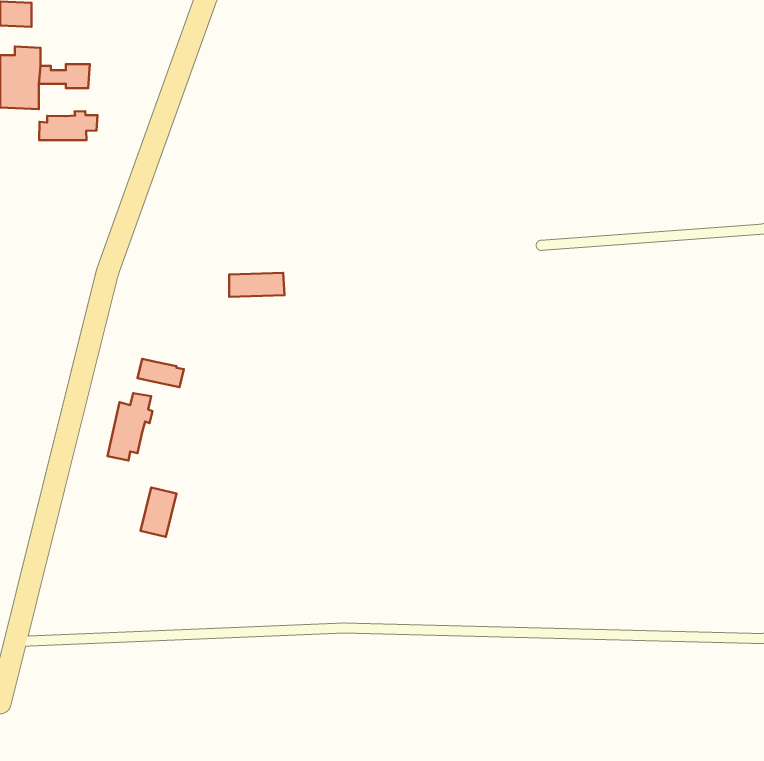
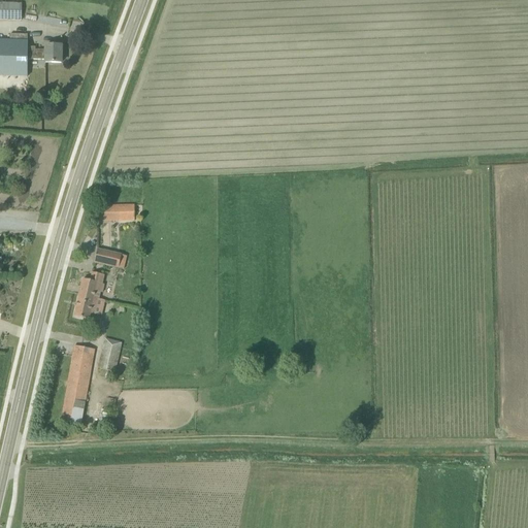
building: [39,111,97,140] -> none
building: [229,273,285,297] -> [97,203,135,220]
building: none -> [61,344,94,423]

